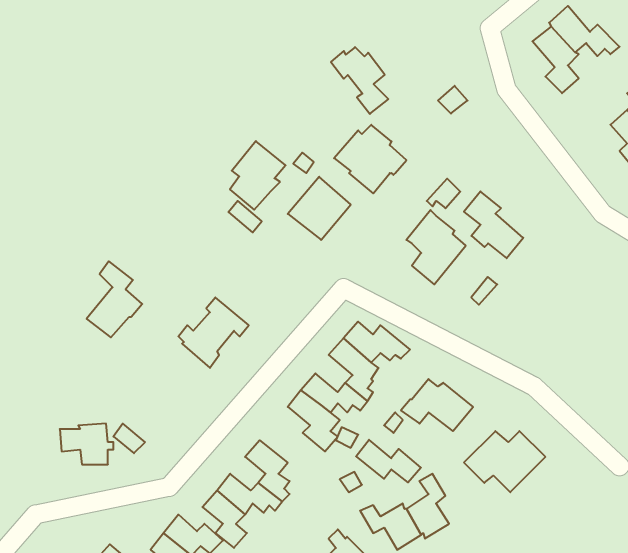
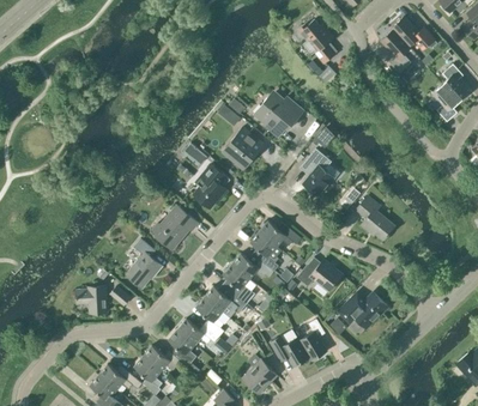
building: [331,47,388,114] -> [298,20,335,63]
building: [230,141,286,210] -> [194,164,230,208]
building: [464,191,523,258] -> [356,196,394,240]
building: [87,261,142,337] -> [126,238,162,287]
building: [356,440,421,482] -> [205,286,247,314]

